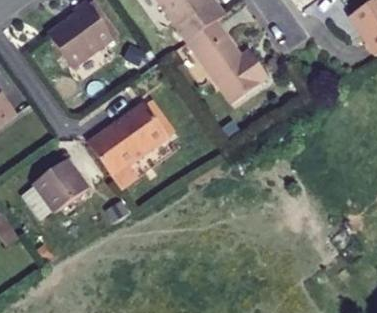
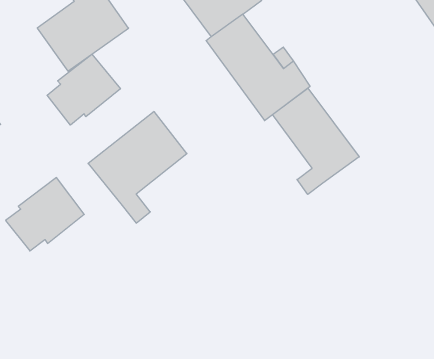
building: none -> [47,54,120,125]
building: none -> [273,88,359,194]

